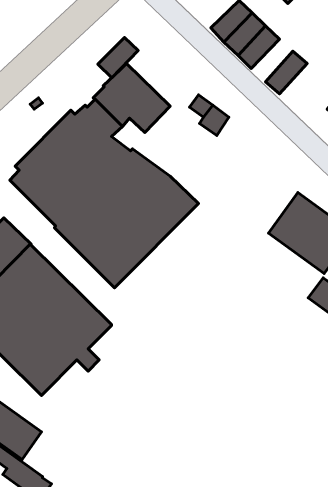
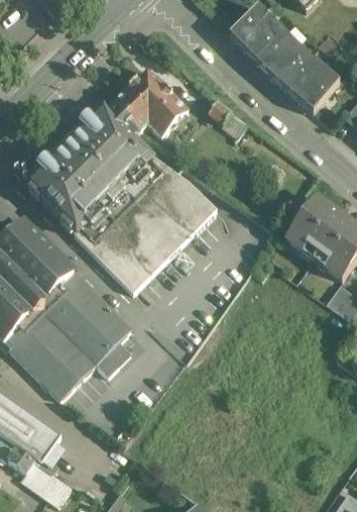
building: [98,38,138,78] -> none
building: none -> [268,44,310,87]
building: none -> [296,69,338,112]

